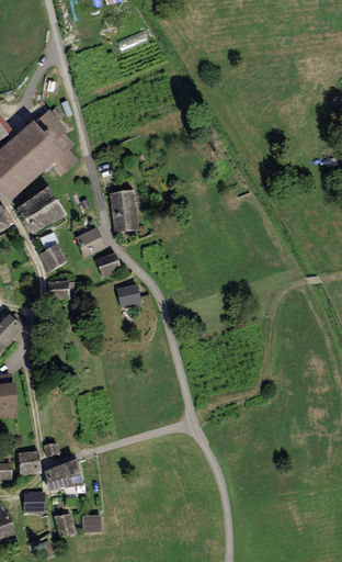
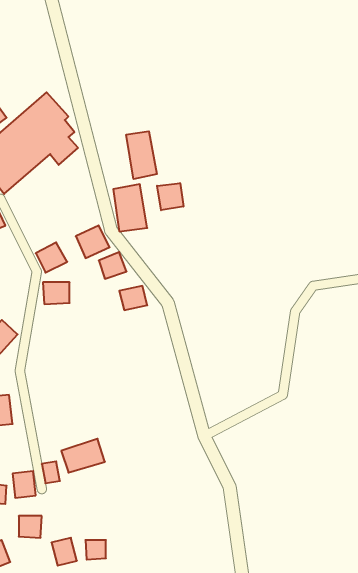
building: none -> [126,131,157,179]
building: none -> [157,183,183,210]
building: [18,190,65,234] -> none
building: [43,461,82,492] -> [61,439,105,473]

